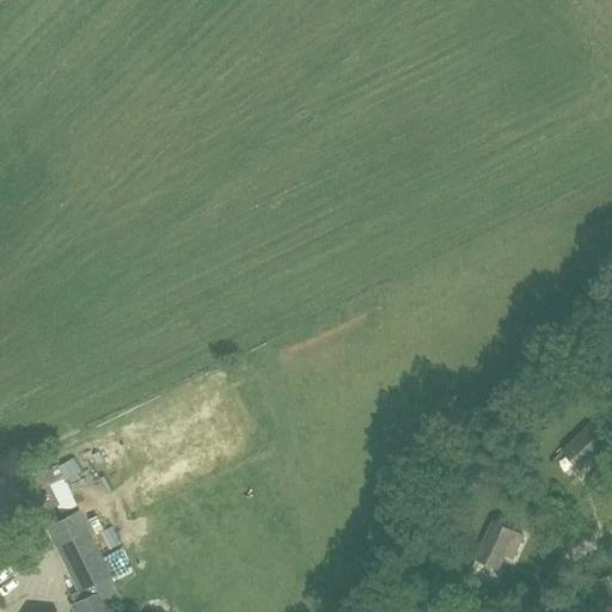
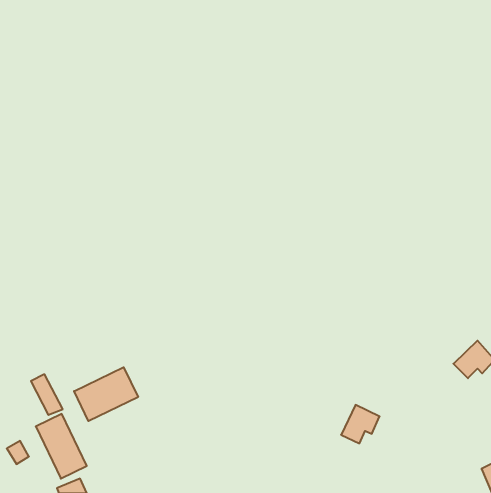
building: none -> [74,367,138,421]
building: [477,521,525,569] -> [341,405,380,443]

